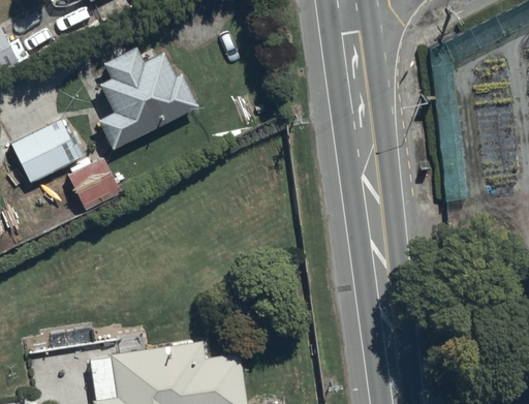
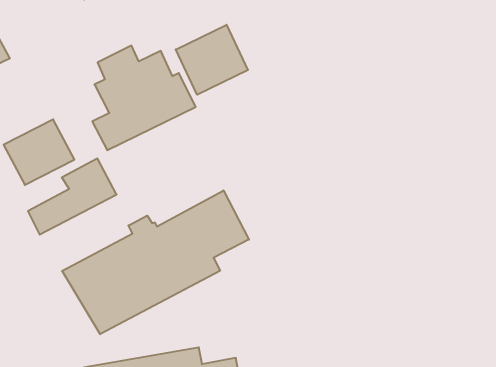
building: none -> [176,25,248,95]
building: none -> [62,190,249,334]

